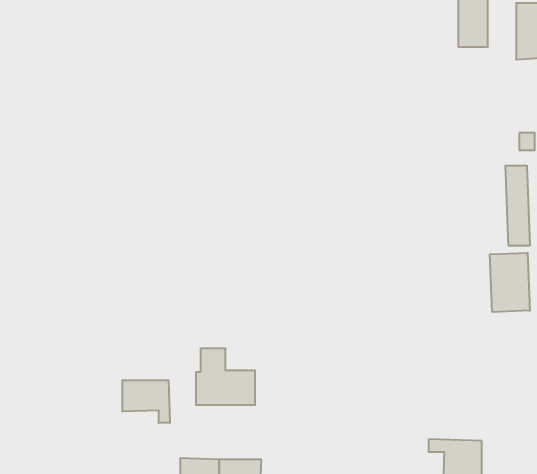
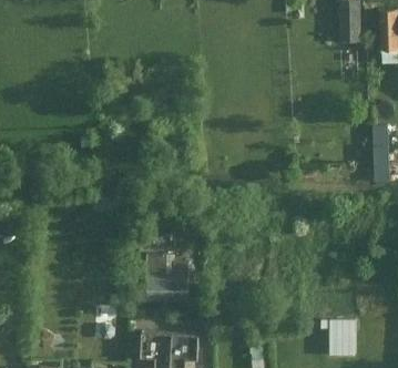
building: [490,253,530,312] -> none
building: [122,380,170,423] -> none

